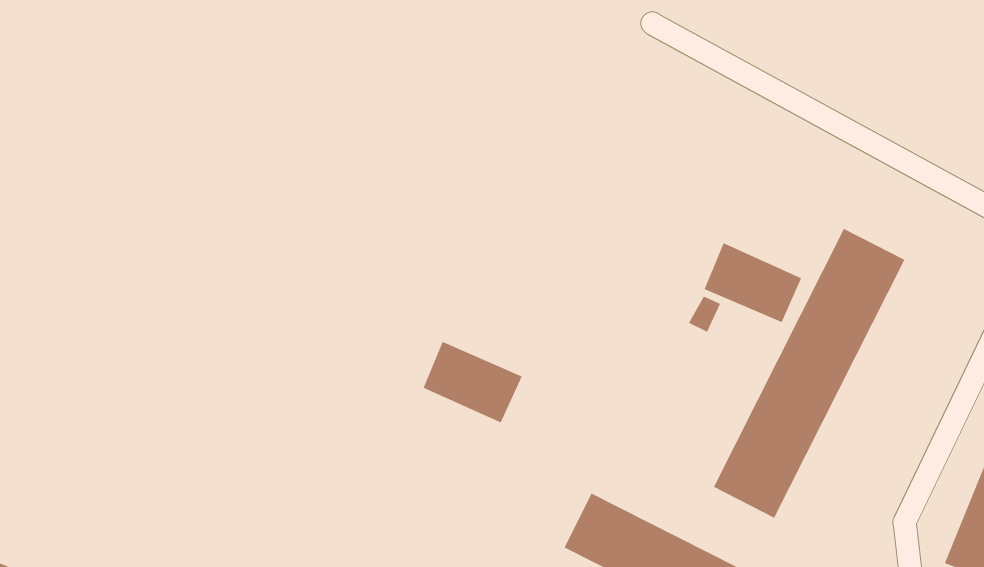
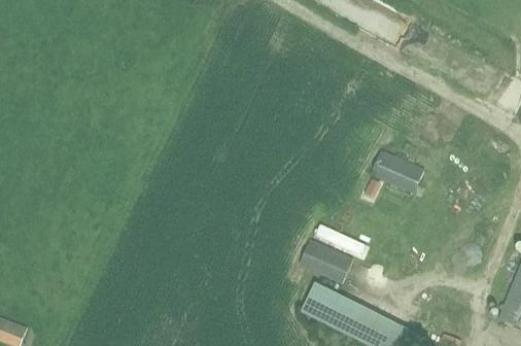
building: [713,228,905,519] -> none
building: [422,341,523,424] -> [300,239,352,282]

